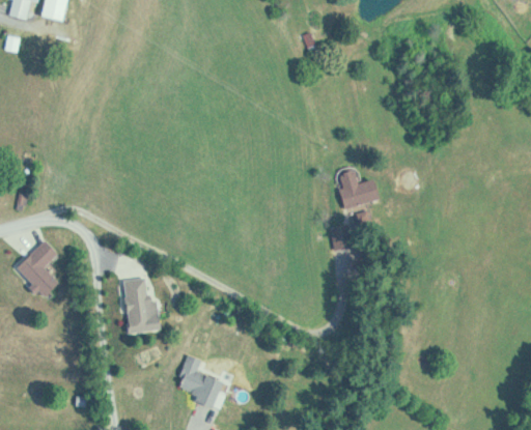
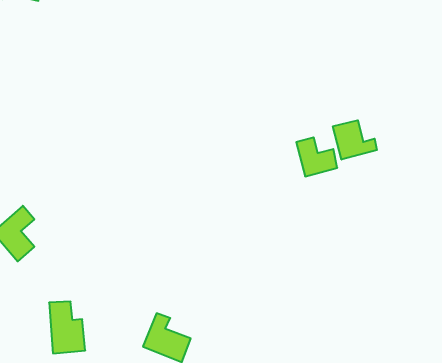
building: none -> [333,120,377,160]
building: [123,279,162,334] -> [49,302,85,353]

